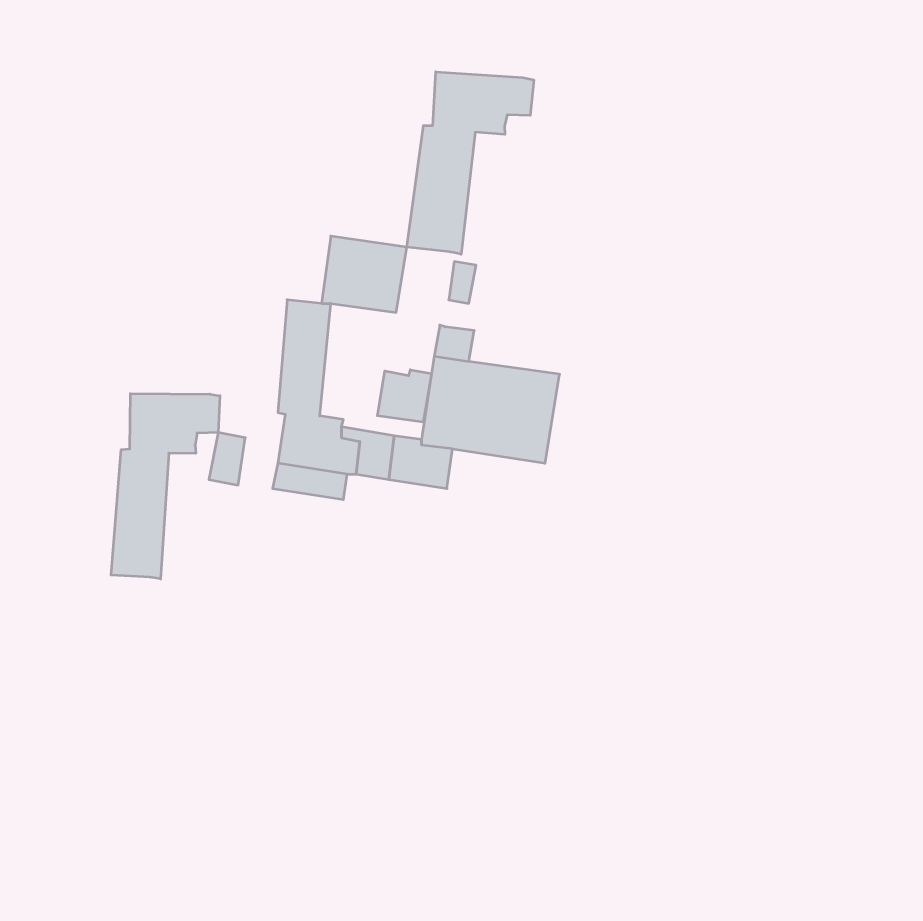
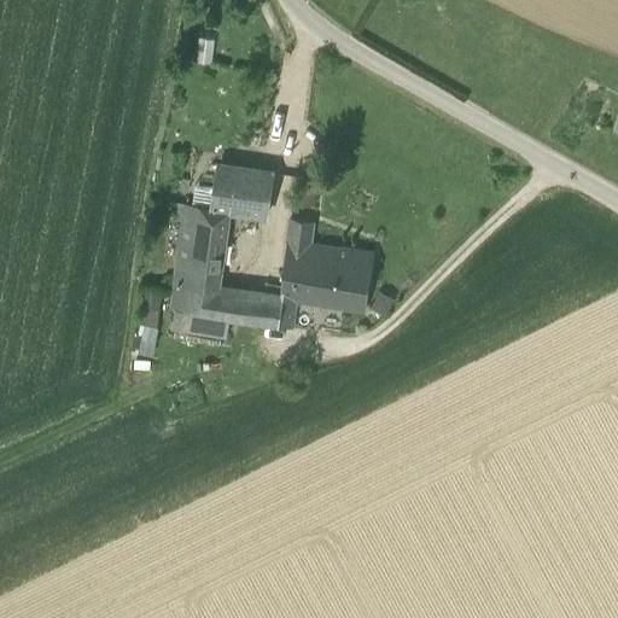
building: [407,72,534,254] -> none
building: [377,370,432,422] -> none
building: [111,394,220,579] -> none

